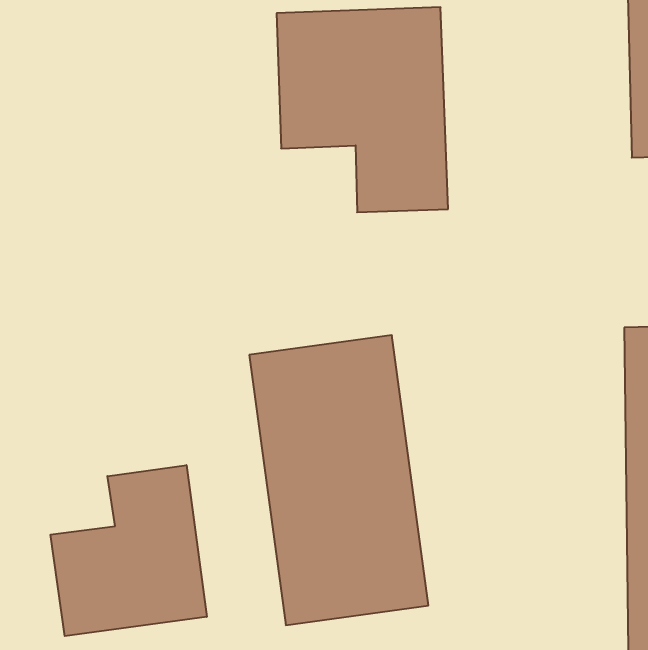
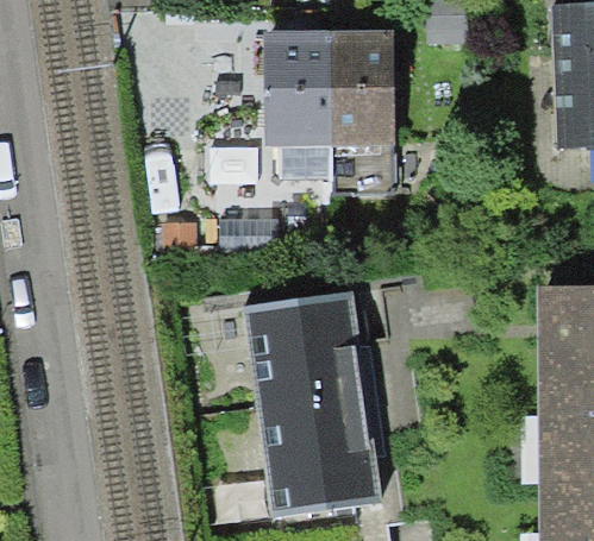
building: [51,465,207,636] -> none

